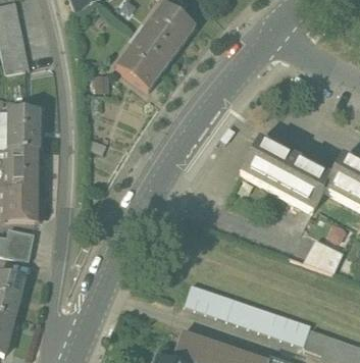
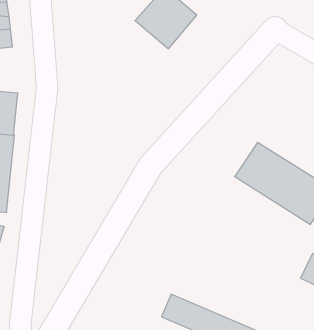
building: [116,36,171,91] -> none

